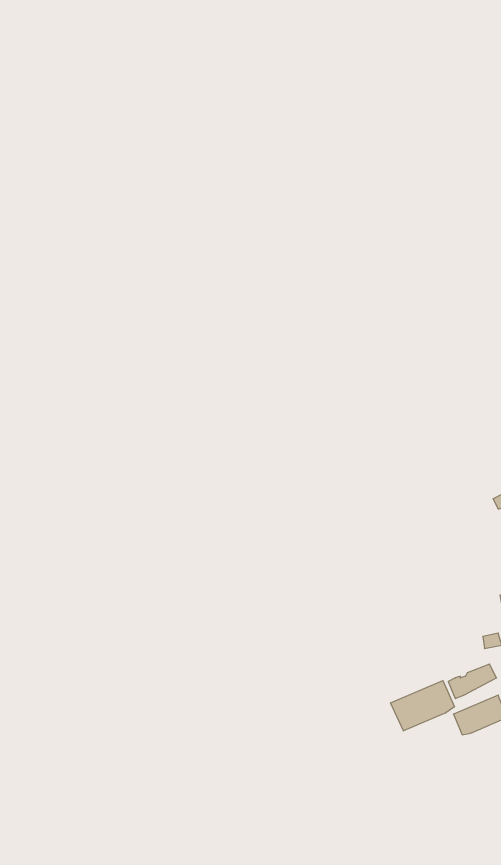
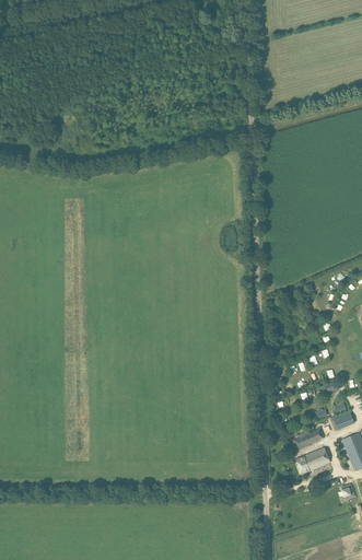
building: [391,681,454,731] -> none

